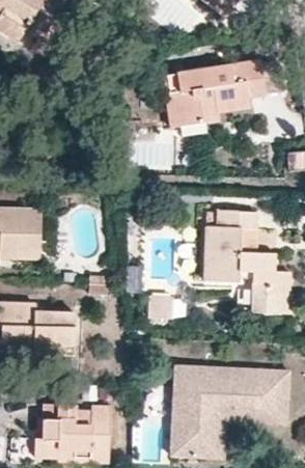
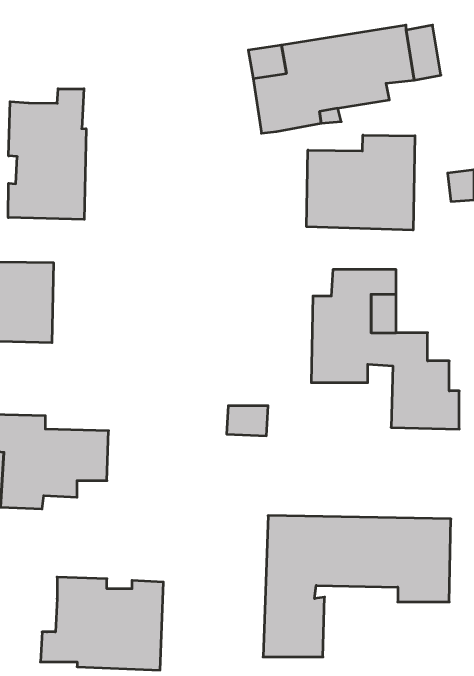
building: none -> [8,89,86,219]
building: none -> [307,135,415,230]
building: [204,409,256,456] -> none

